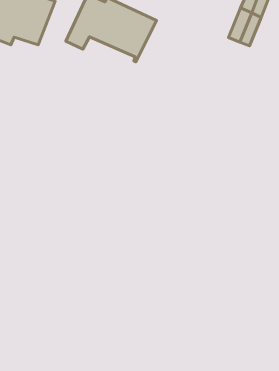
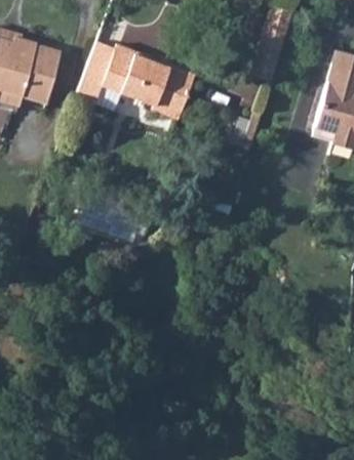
building: none -> [154,66,198,121]

